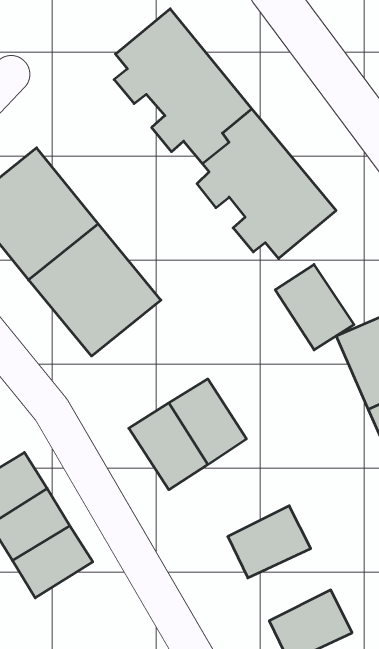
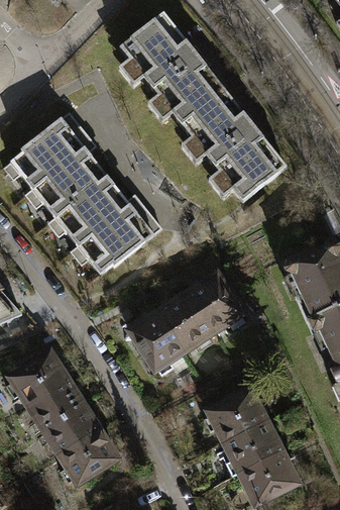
building: [275,264,354,350] -> [190,273,249,337]
building: none -> [220,420,282,475]
building: none -> [60,430,120,485]

